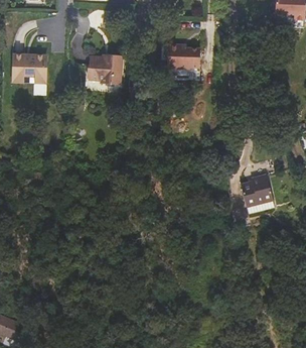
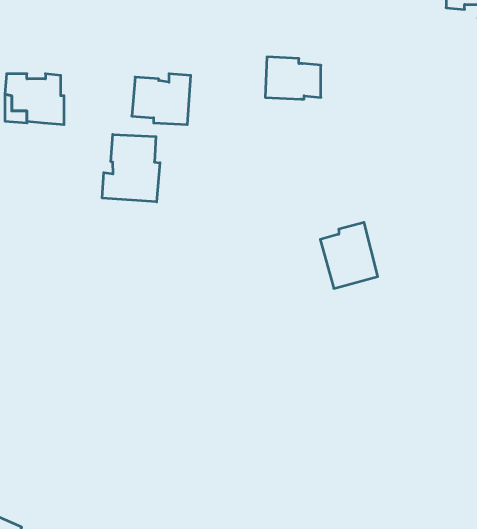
building: none -> [102,134,160,202]
building: [241,173,275,213] -> [320,222,378,288]

